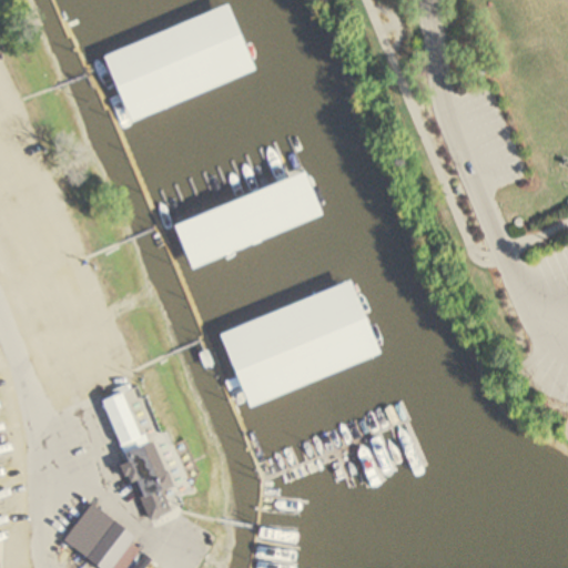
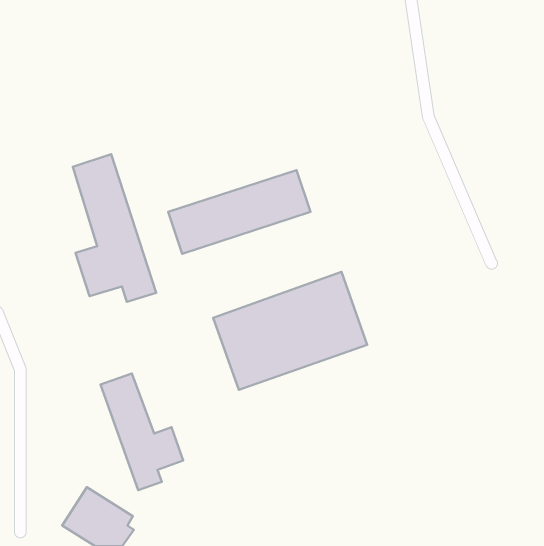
building: [103,7,253,118] -> none
building: none -> [73,154,156,302]

